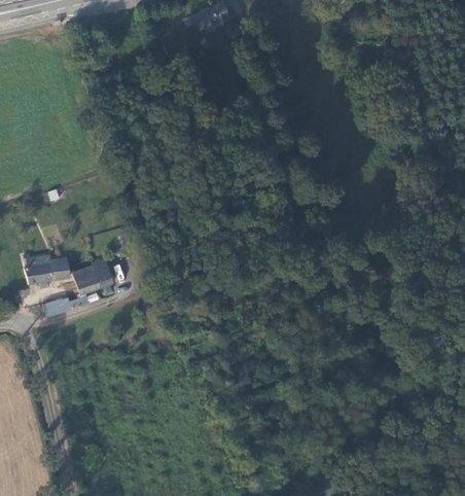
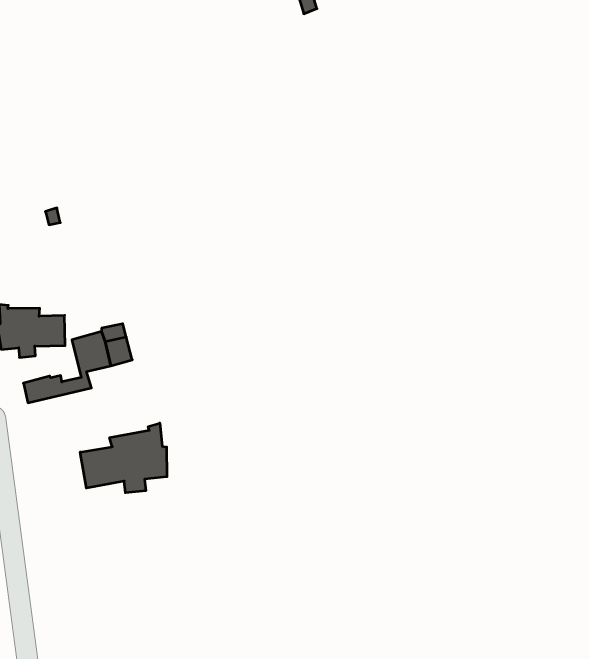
building: none -> [80,423,167,493]

